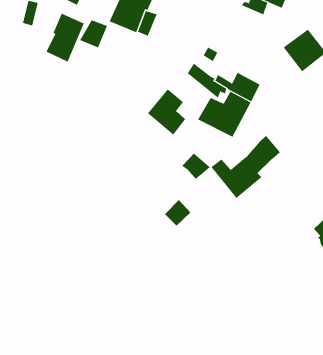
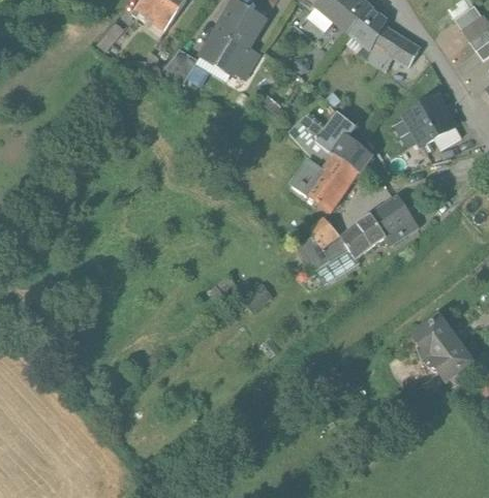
building: [46,13,84,62] -> none
building: none -> [322,113,355,147]
building: [147,88,186,136] -> none
building: none -> [370,196,416,243]
building: [182,153,210,180] -> [308,217,342,249]

